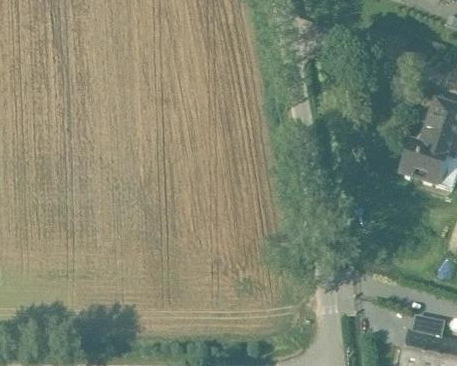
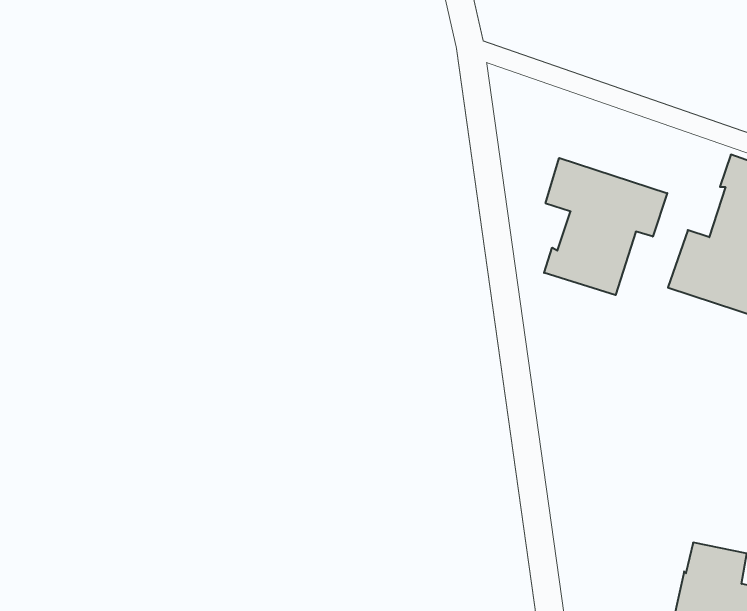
building: none -> [544,158,667,295]

